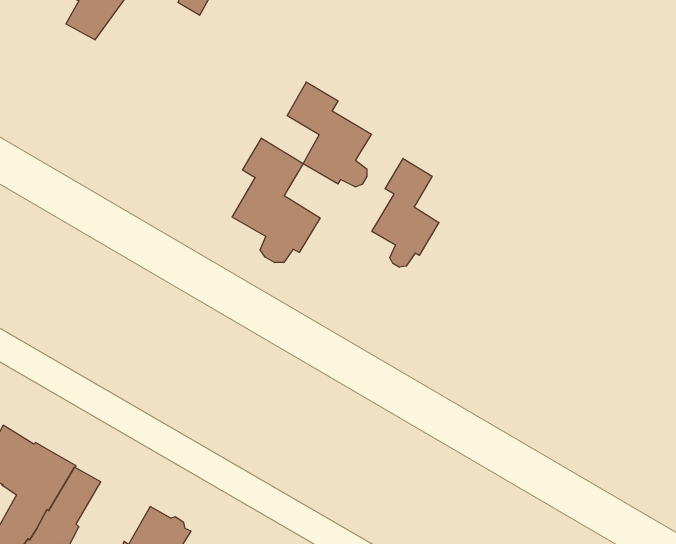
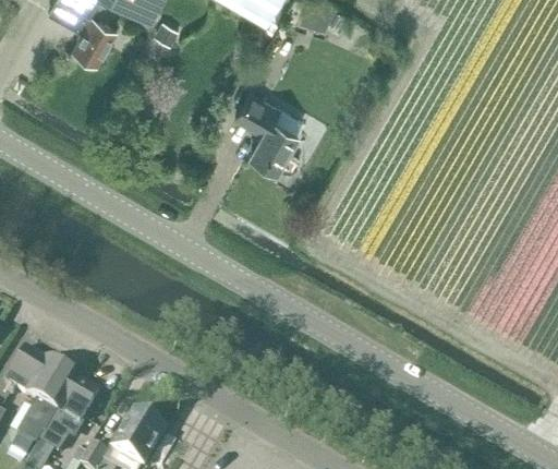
building: [232,138,320,263] -> none
building: [372,158,439,267] -> none

